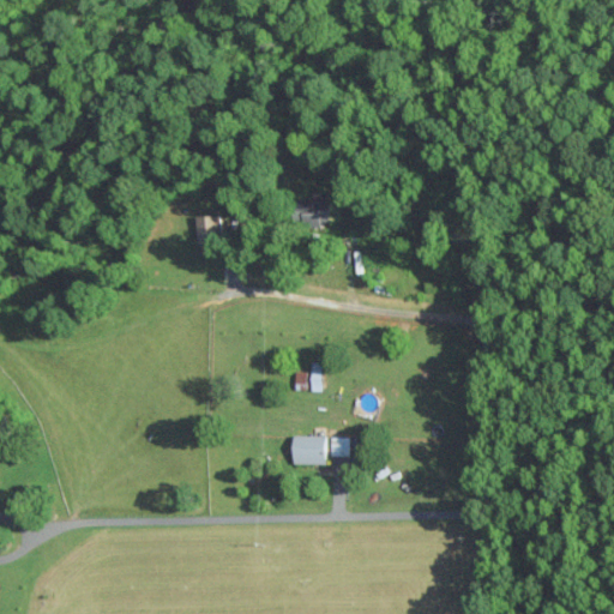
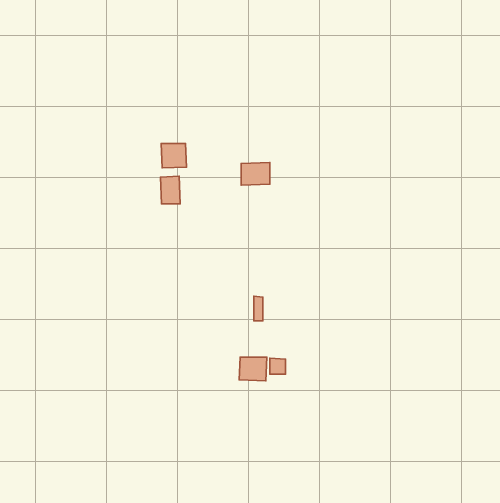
building: none -> [161,143,186,168]

